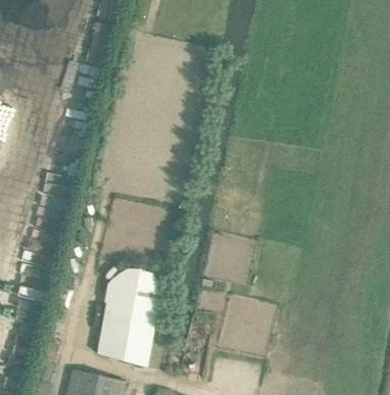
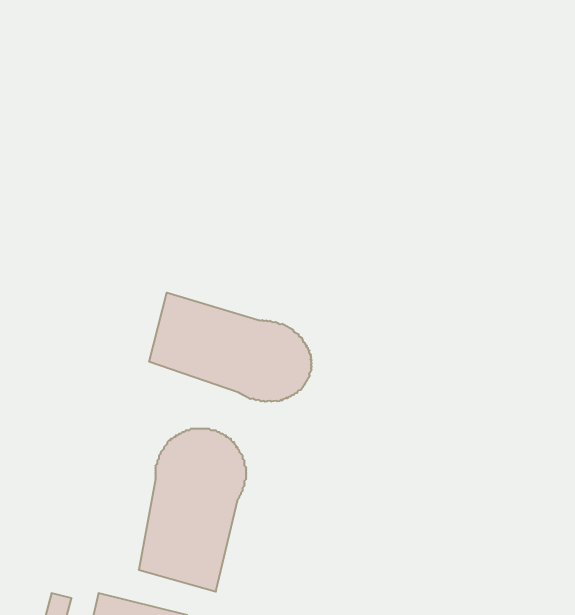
building: none -> [149,293,312,402]

